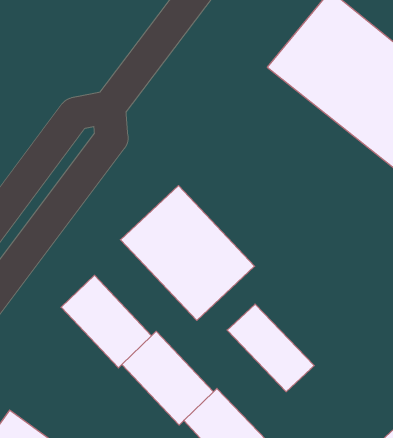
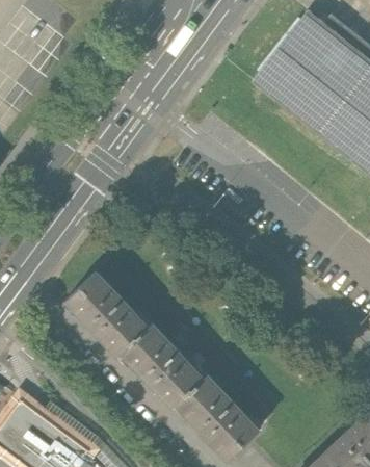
building: [120,186,255,320] -> none
building: [227,304,314,392] -> none

